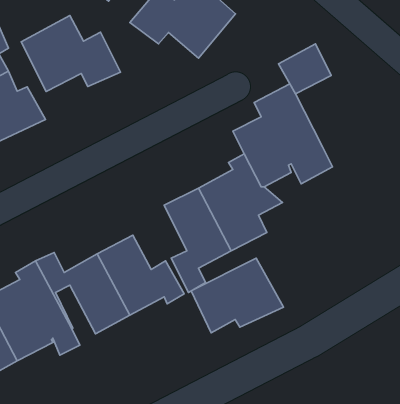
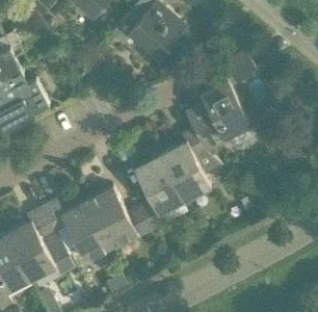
building: [21,15,120,92] -> none
building: [191,258,283,333] -> none

